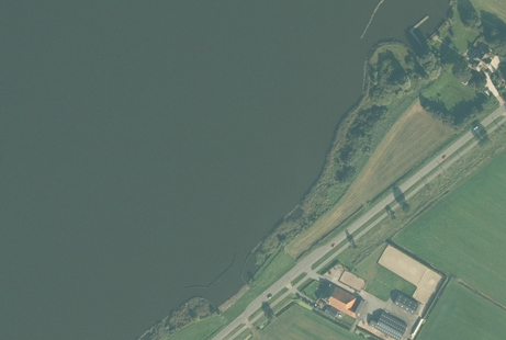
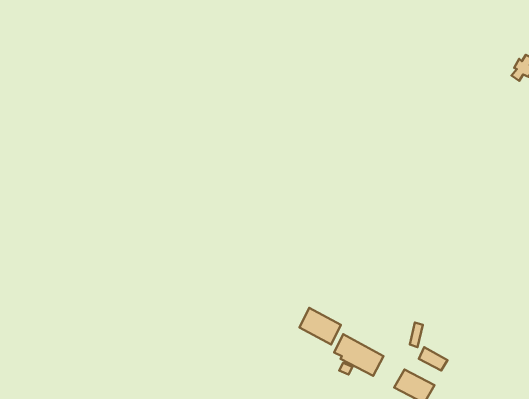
building: none -> [300,308,341,344]

